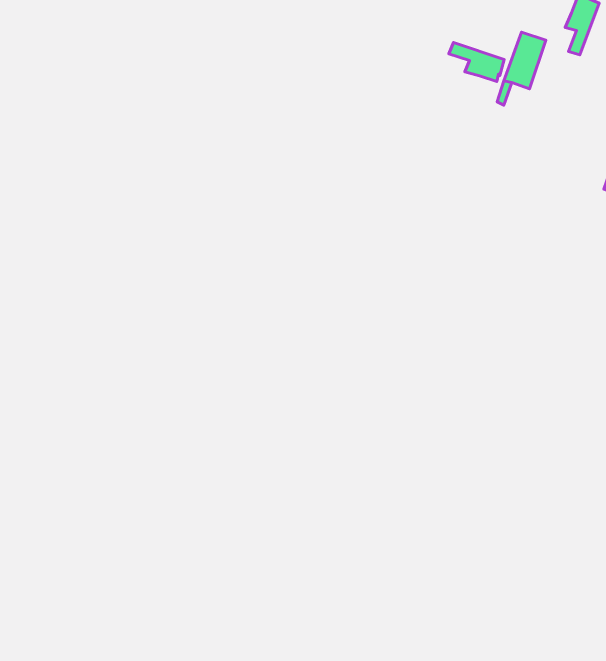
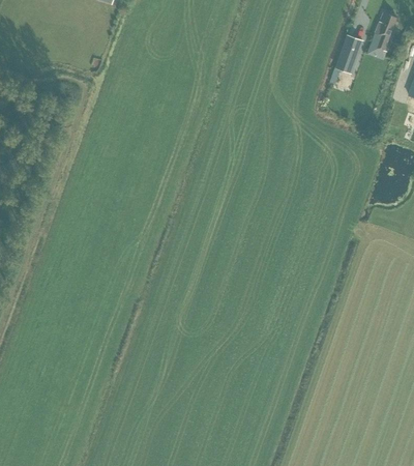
building: [449,43,504,82] -> none

